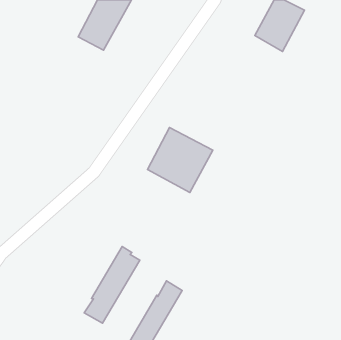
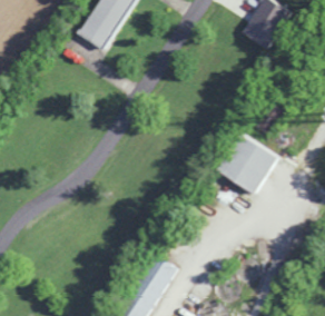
building: [148,127,213,193] -> [216,135,276,195]
building: [84,247,140,323] -> none

